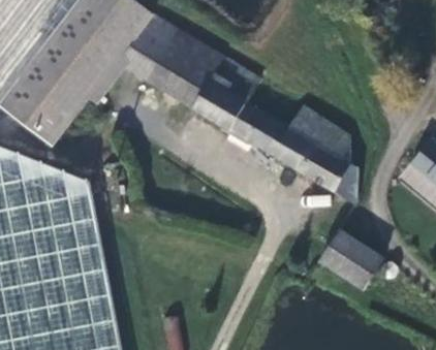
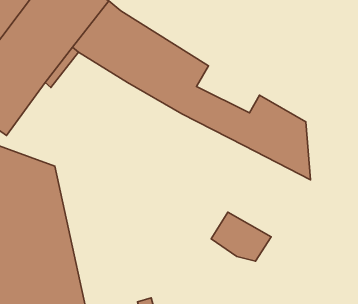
building: [320,226,383,278] -> [211,212,271,261]

